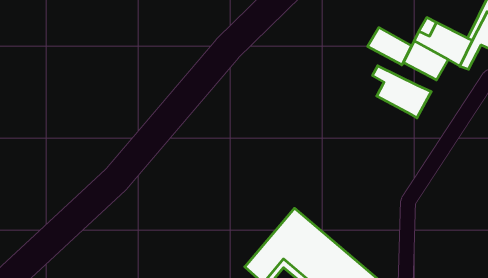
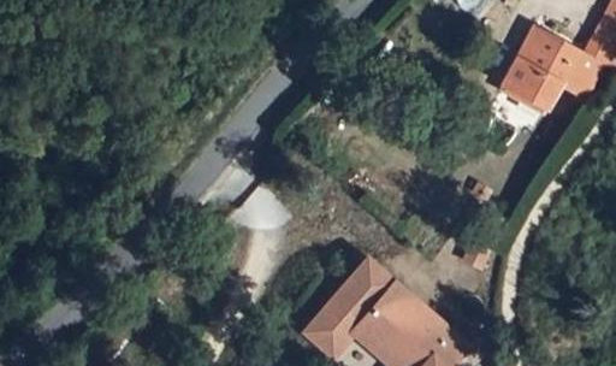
building: [368,28,412,65] -> none
building: [373,66,431,118] -> none

